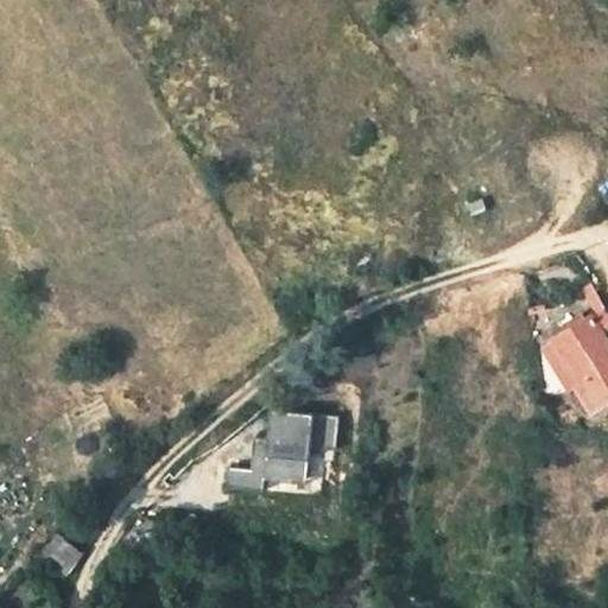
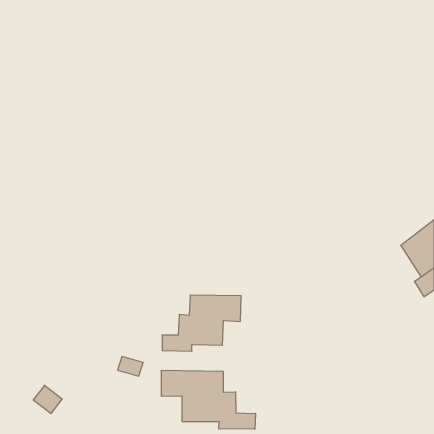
building: none -> [162,370,255,429]

